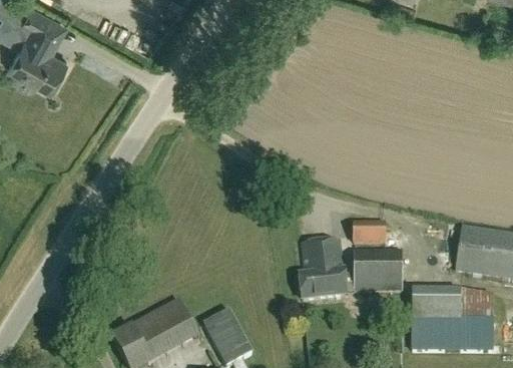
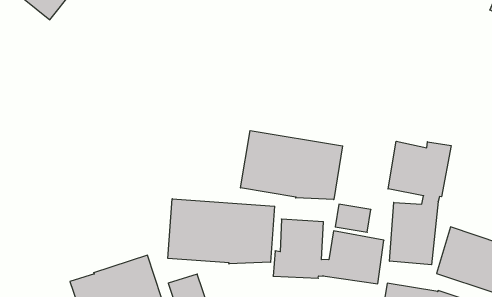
building: none -> [388,141,451,265]
building: none -> [241,131,343,200]
building: none -> [168,199,275,264]

